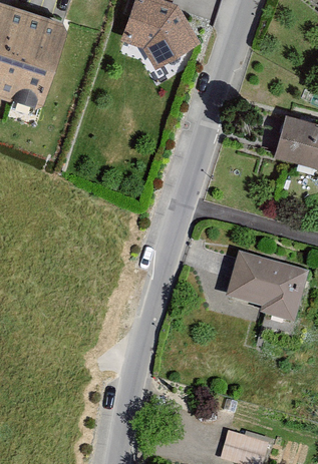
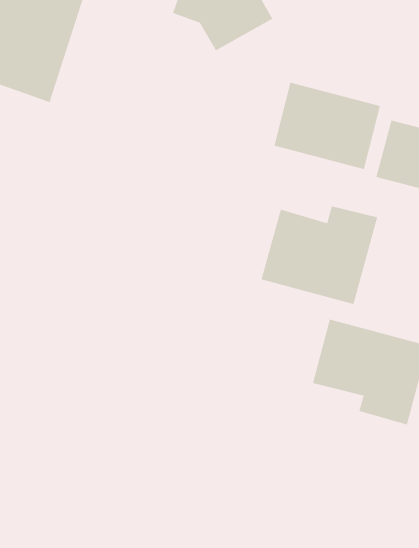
building: none -> [274,82,380,170]
building: none -> [261,205,378,305]

